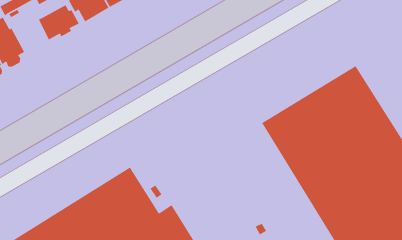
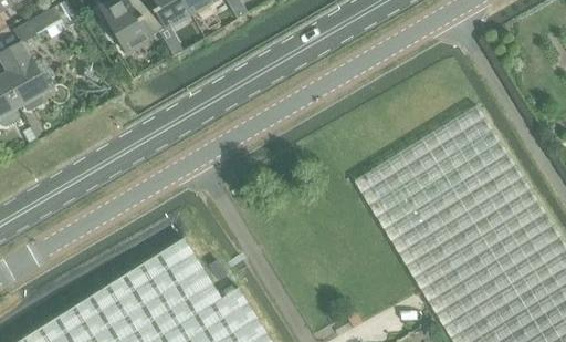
building: [38,4,80,40] -> none

